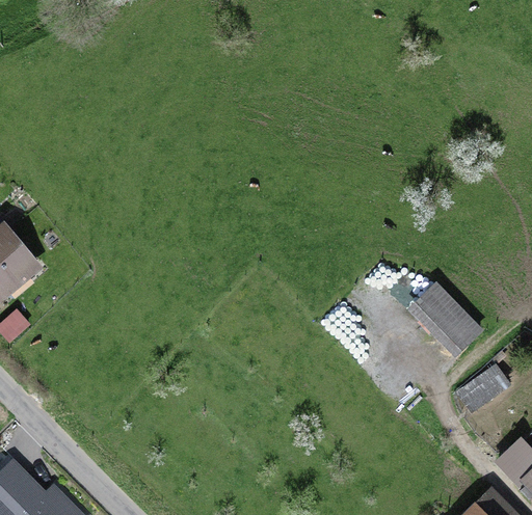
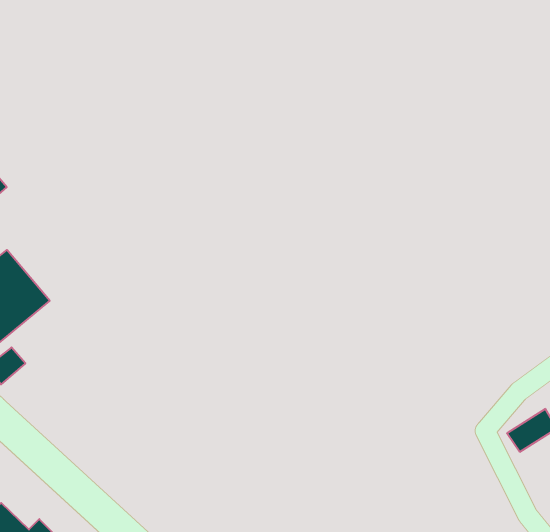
building: [413,287,473,348] -> none

